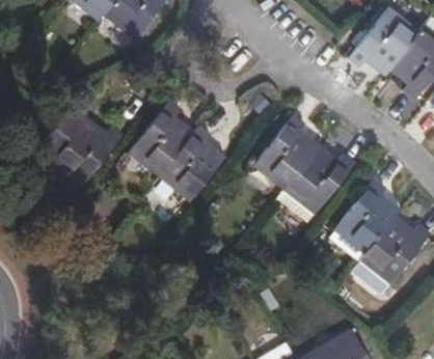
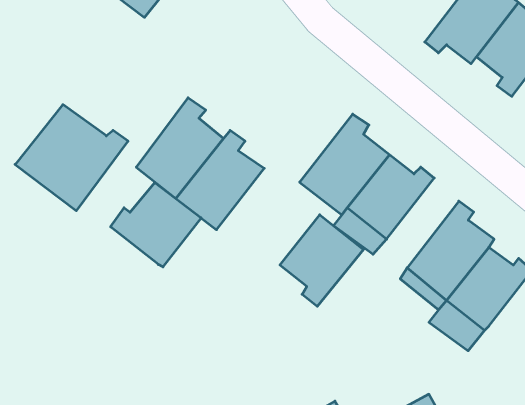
building: none -> [111,182,201,267]
building: none -> [280,215,364,306]

